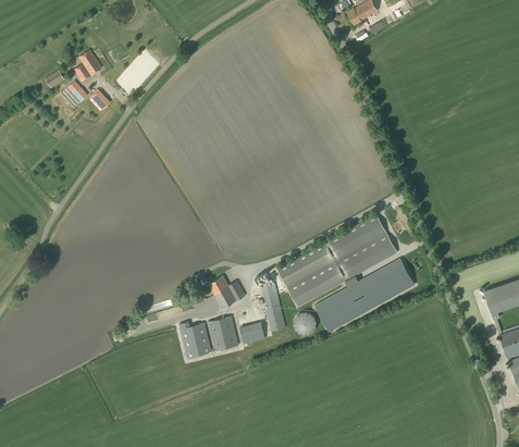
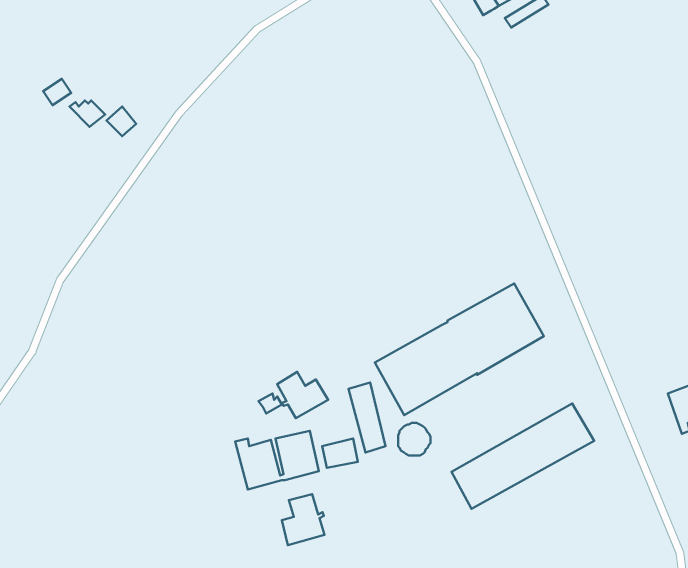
building: [74,49,101,82] -> none
building: [314,257,415,331] -> [451,404,594,509]
building: none -> [282,494,324,545]

